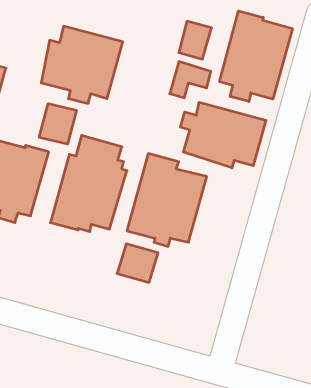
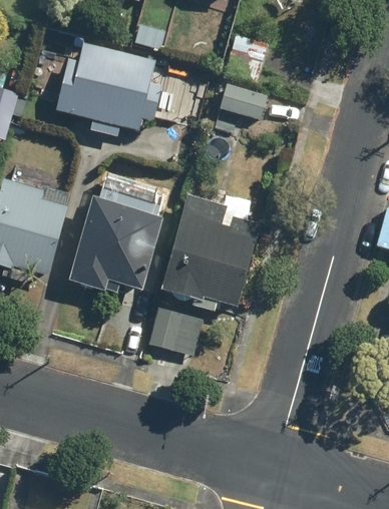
building: [220,11,292,102] -> none
building: [180,102,266,168] -> none
building: [39,104,76,144] -> none

